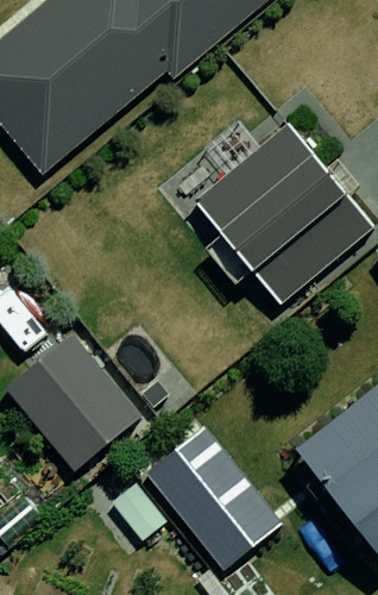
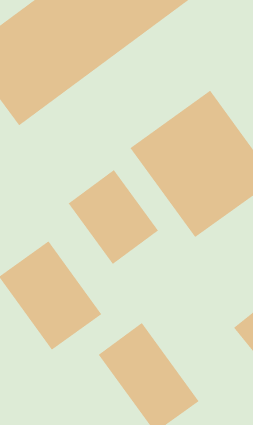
building: none -> [68,169,159,265]

